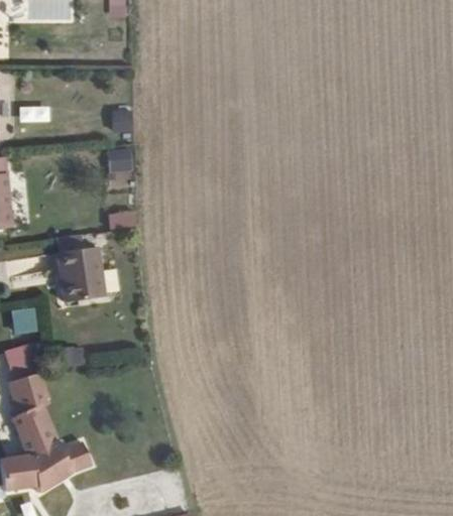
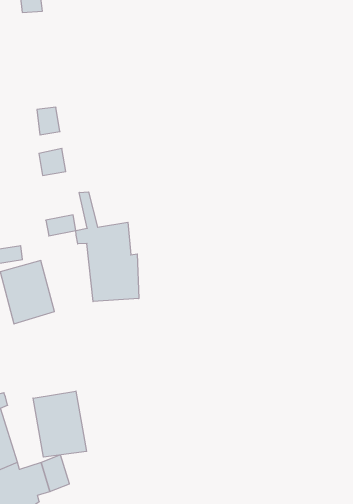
building: none -> [76,192,139,302]
building: none -> [33,391,87,457]

